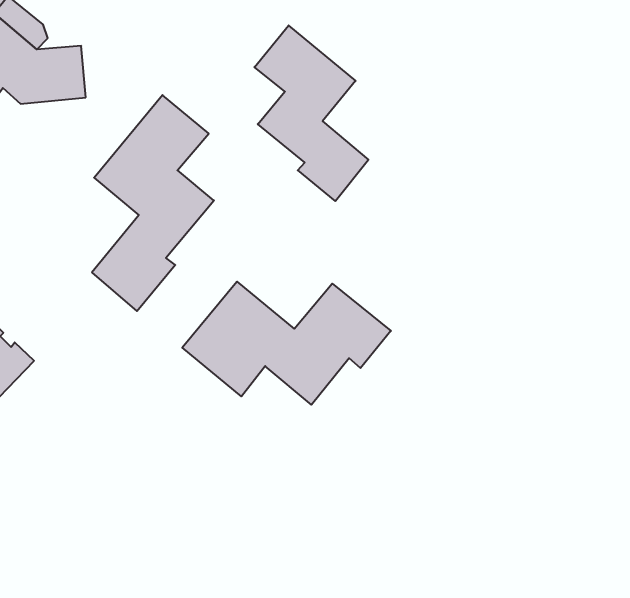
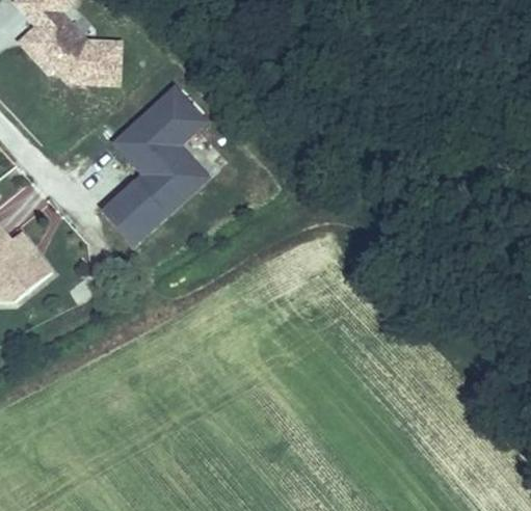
building: [254,25,368,201] -> none
building: [182,282,391,405] -> none

